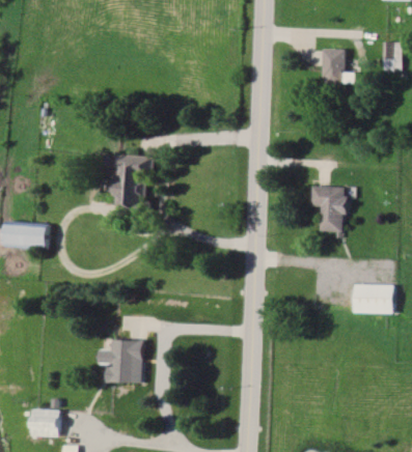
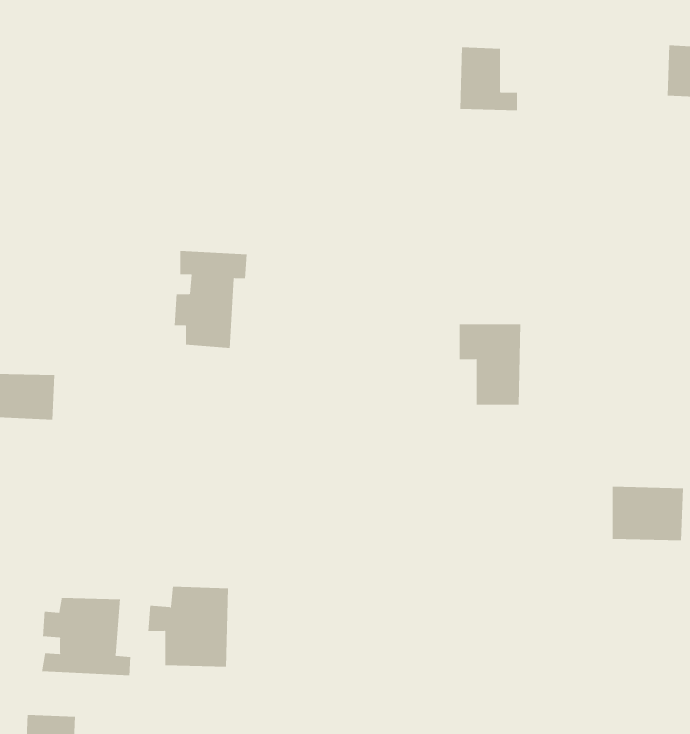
building: [322,49,354,84] -> [459,47,518,111]
building: [310,187,345,231] -> [459,324,521,405]
building: none -> [42,597,131,676]

